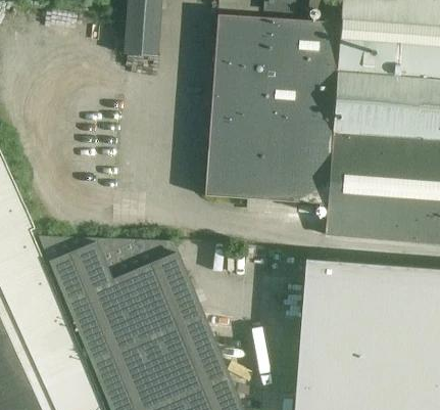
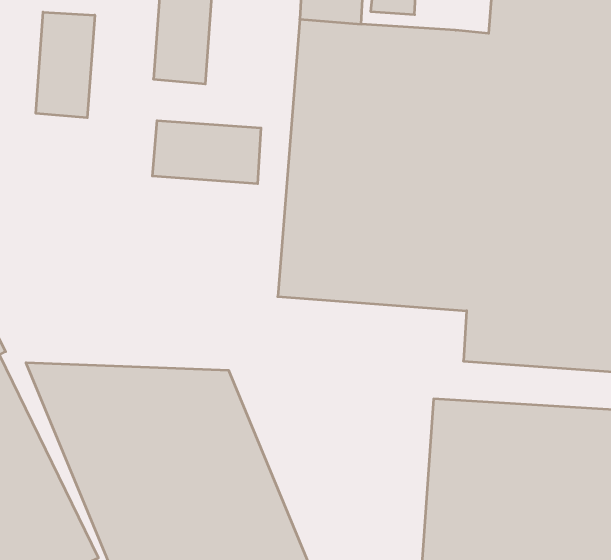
building: none -> [36,12,95,118]
building: none -> [152,121,261,184]

